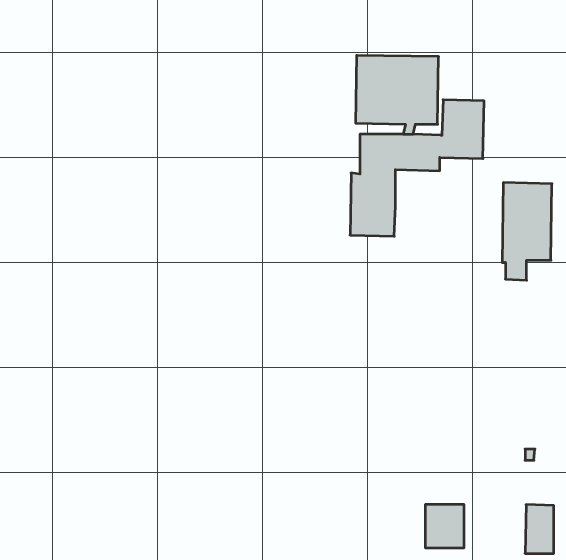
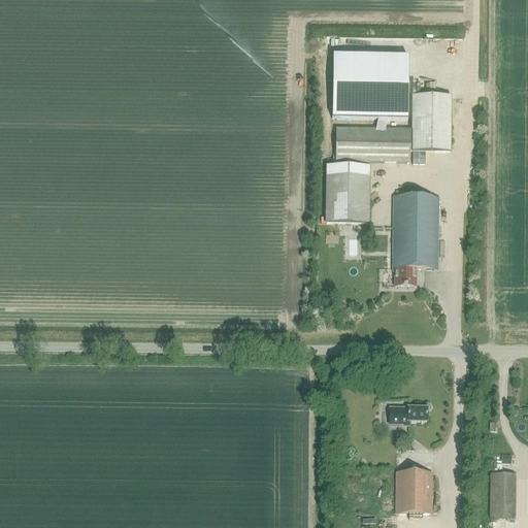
building: [502,183,552,280] -> [392,193,438,284]
building: none -> [399,403,427,422]

